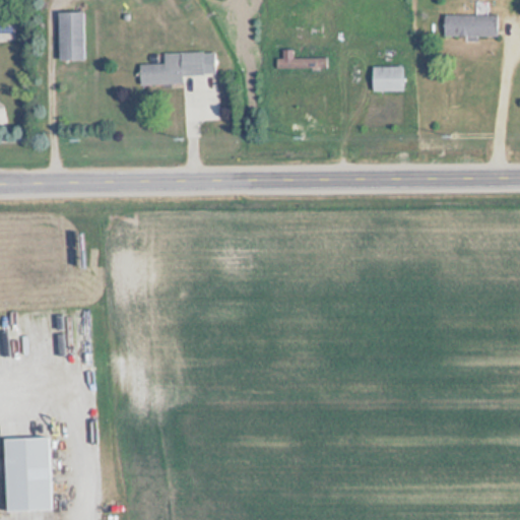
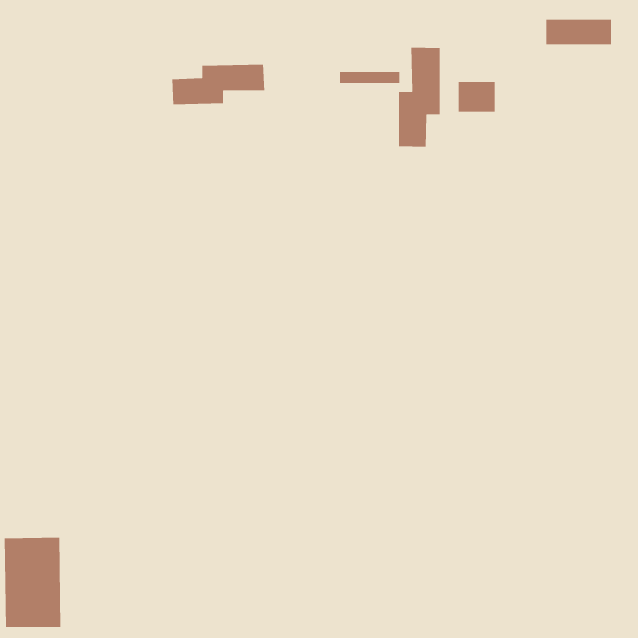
building: [58,12,83,61] -> none
building: none -> [398,47,441,148]

